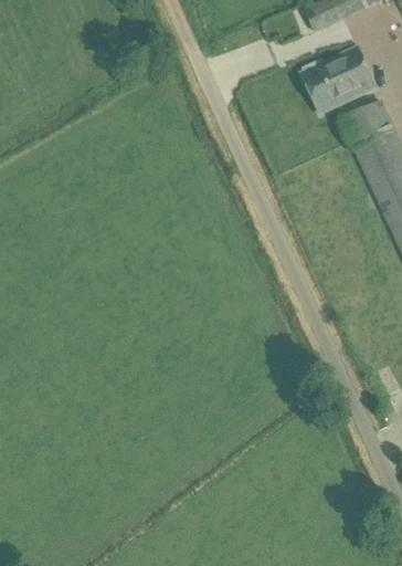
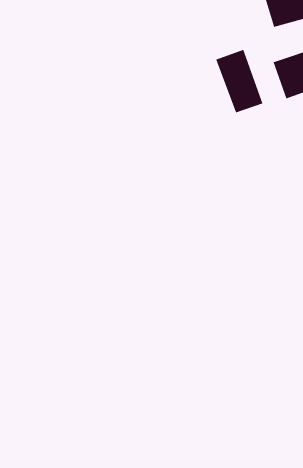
building: none -> [215,49,263,114]

